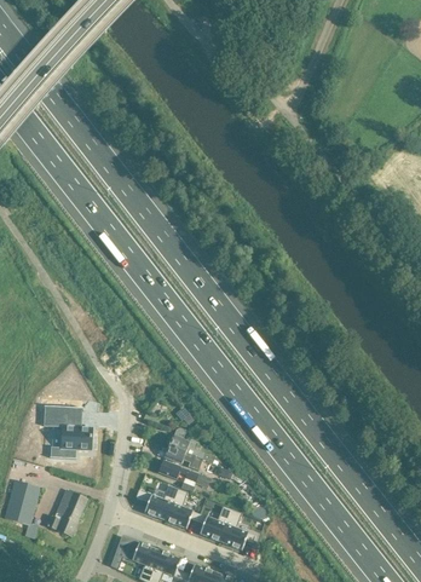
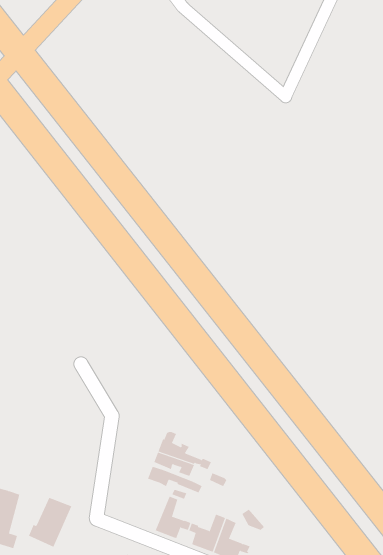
building: [44,407,91,460] -> none
building: [139,484,178,520] -> none

